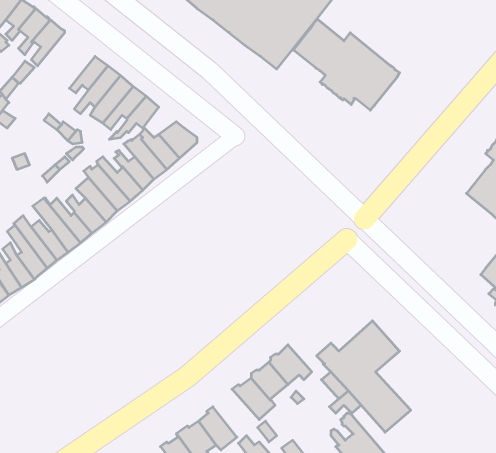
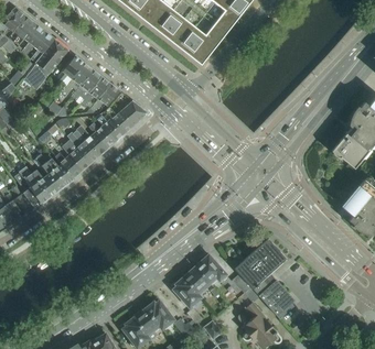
building: [293,19,400,110] -> none
building: none -> [29,40,68,83]

